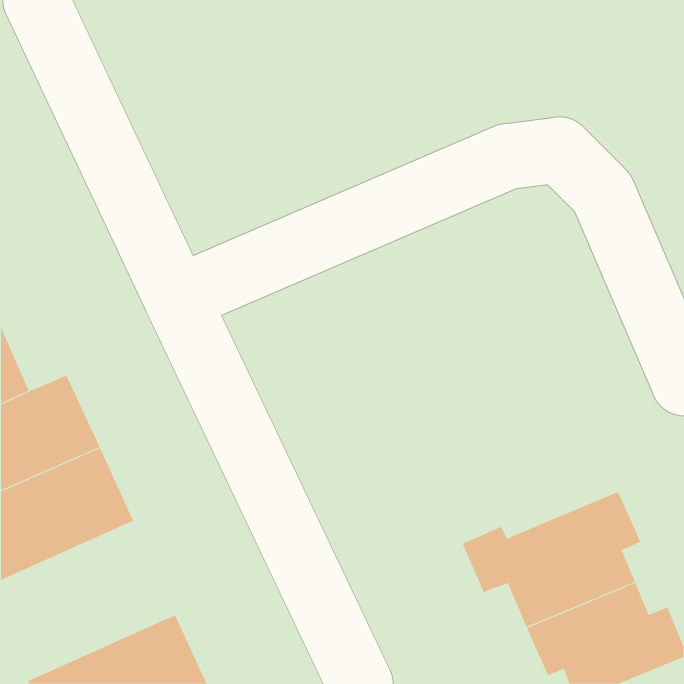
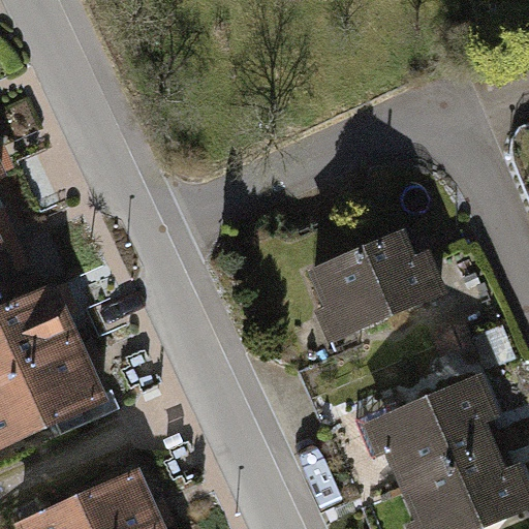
building: none -> [315,236,441,331]

